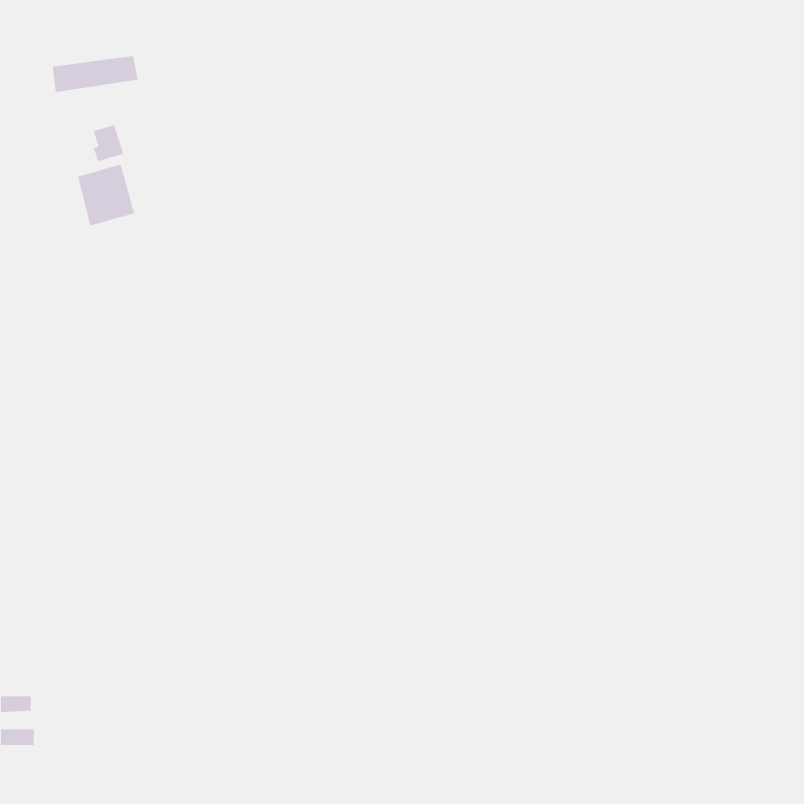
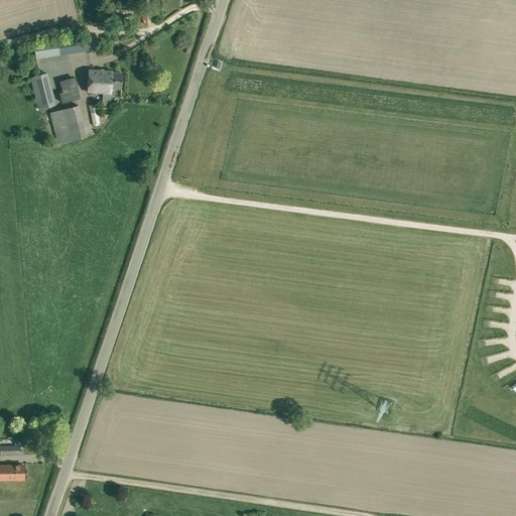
building: none -> [87,71,121,94]
building: none -> [30,75,54,109]

